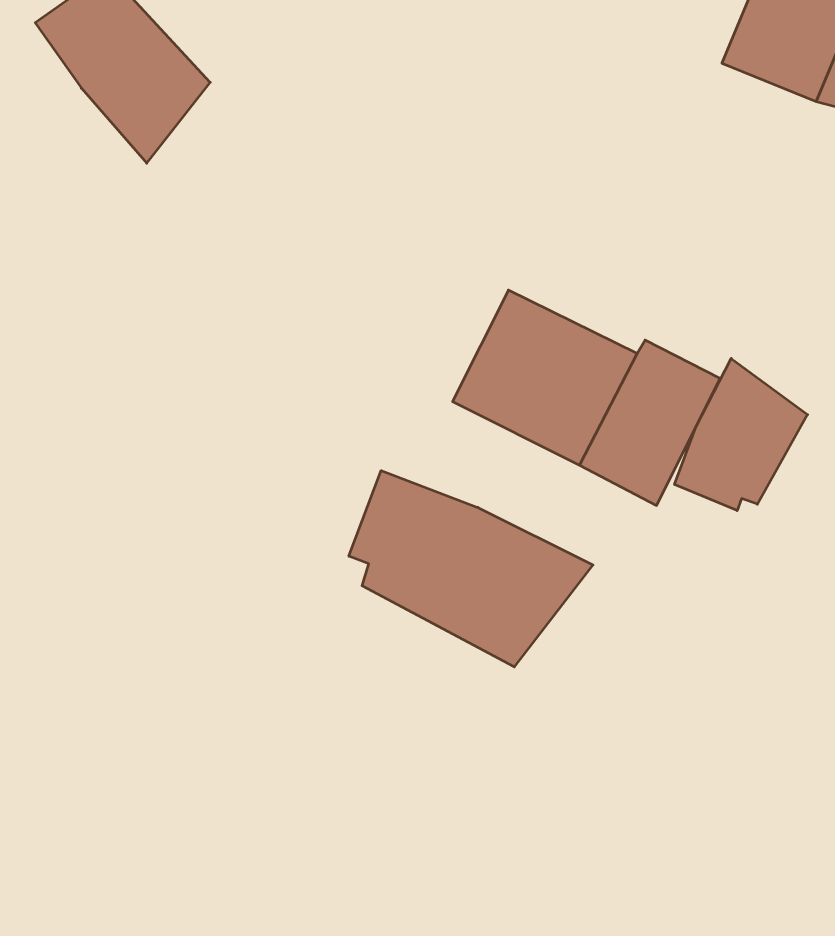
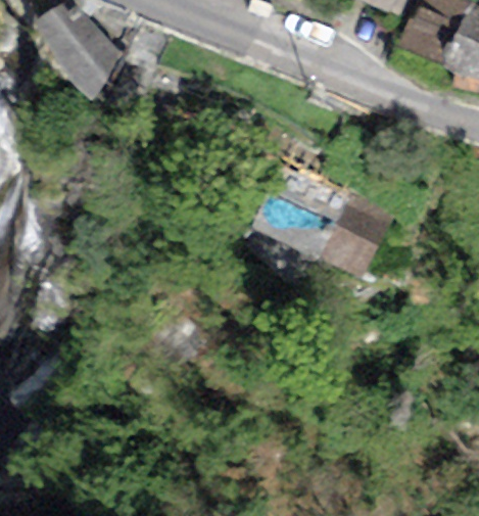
building: [675,358,808,511] -> none
building: [349,471,593,667] -> none

